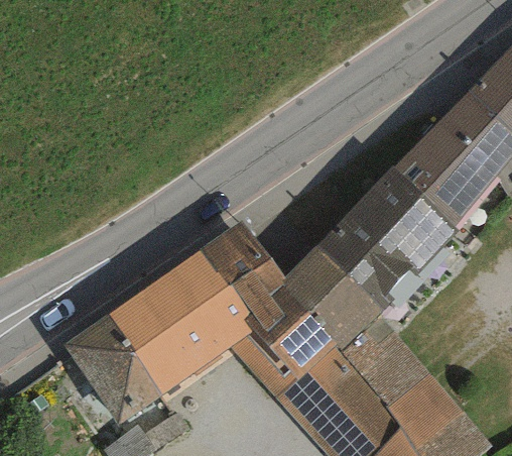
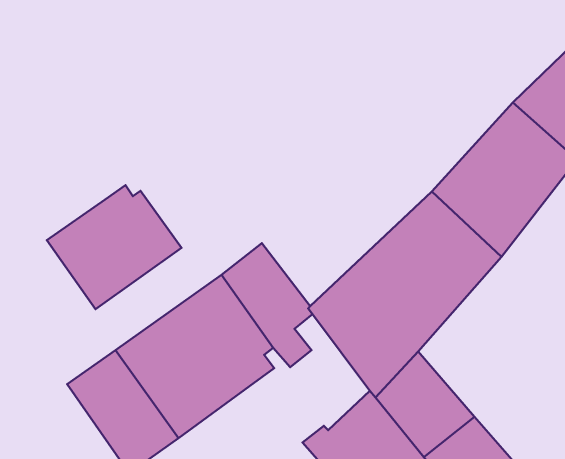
building: none -> [47,185,181,309]
building: [229,282,337,397] -> none

